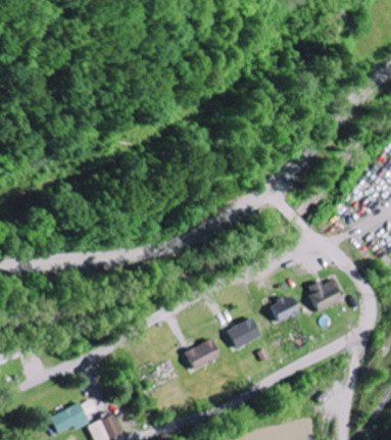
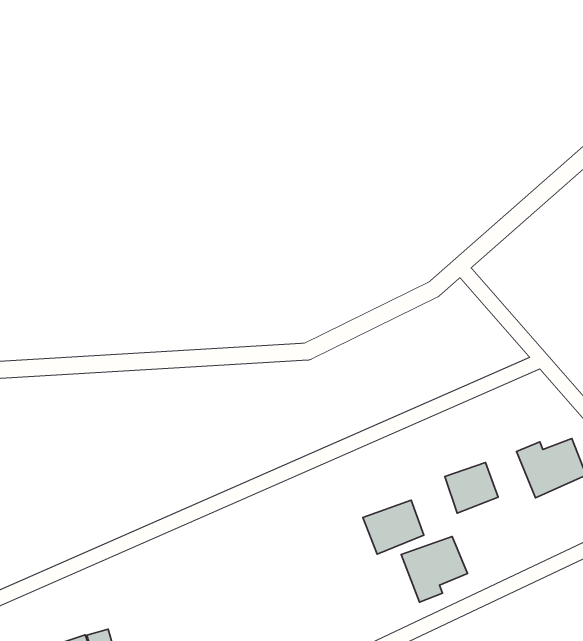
building: none -> [401,536,468,602]
building: [185,338,219,370] -> none

